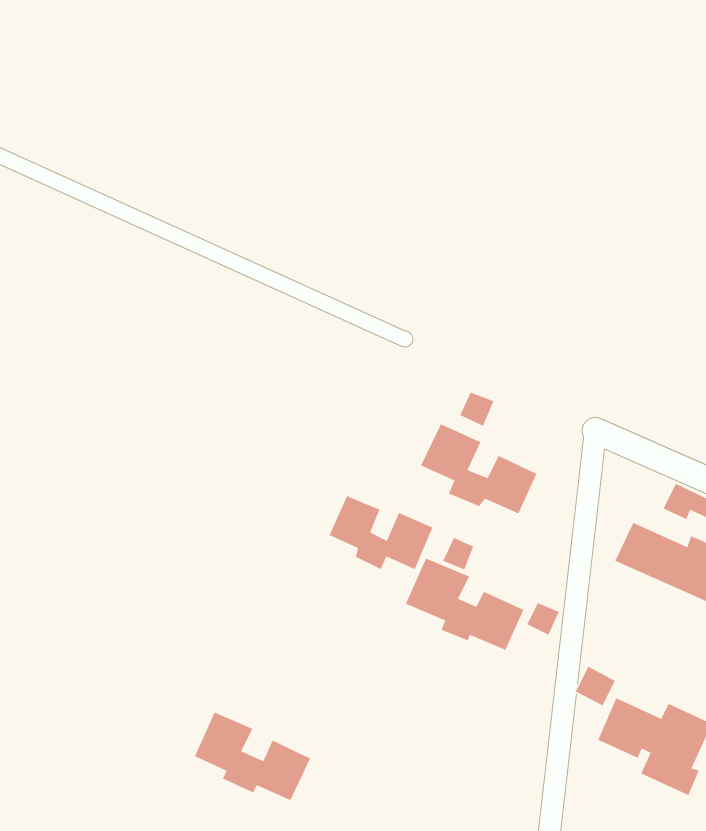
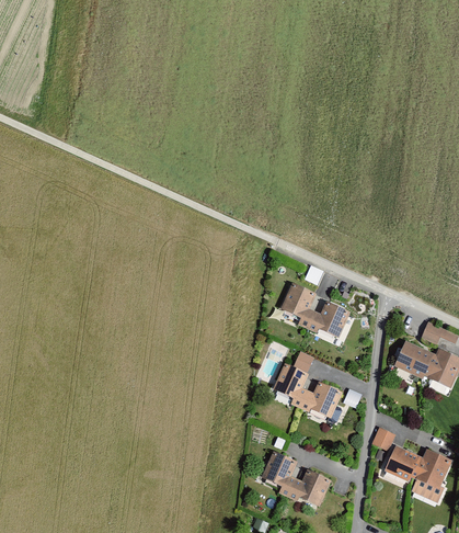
building: [329,495,433,570] -> none
building: [194,712,311,801] -> [262,453,331,506]

